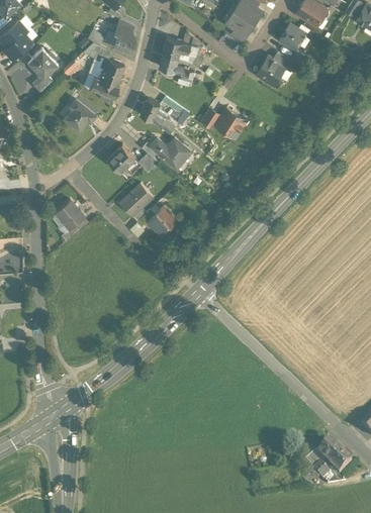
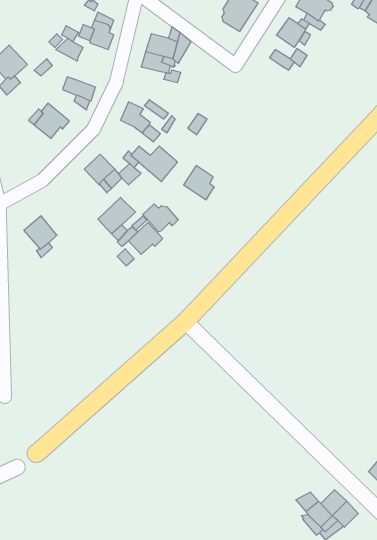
building: [257,56,285,85] -> none
building: [99,58,123,85] -> none
building: [215,107,243,137] -> [184,166,214,200]
building: none -> [143,204,178,232]

